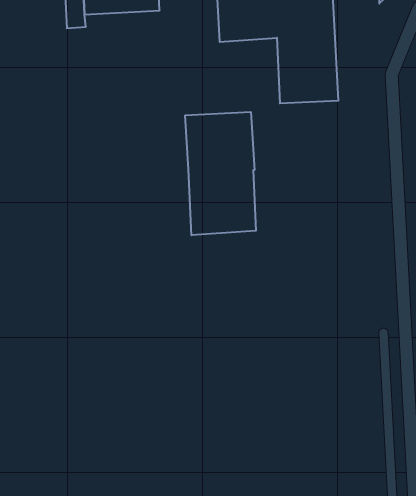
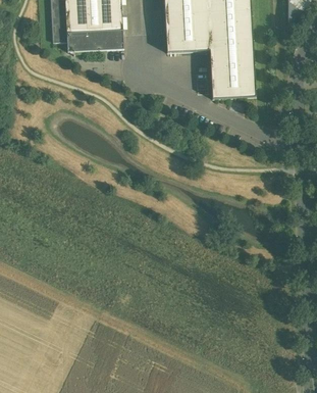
building: none -> [65,29,123,51]
building: [185,112,256,235] -> none

